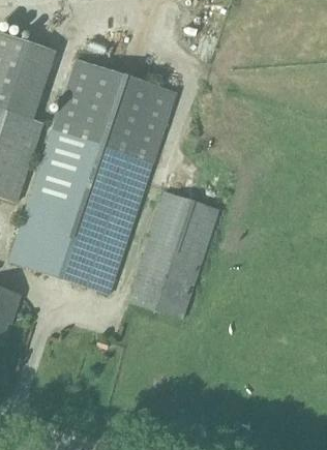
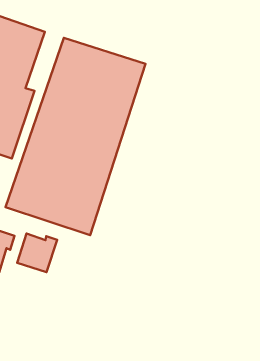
building: [124,190,206,318] -> none
building: none -> [17,234,57,272]

